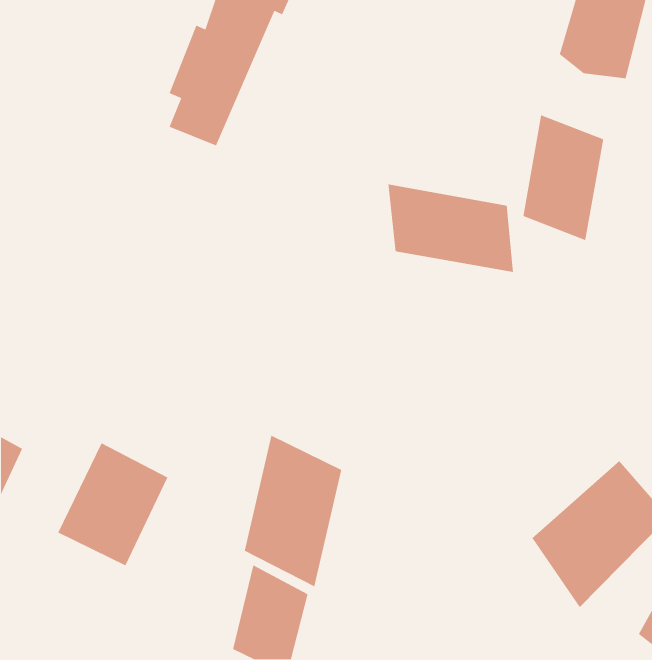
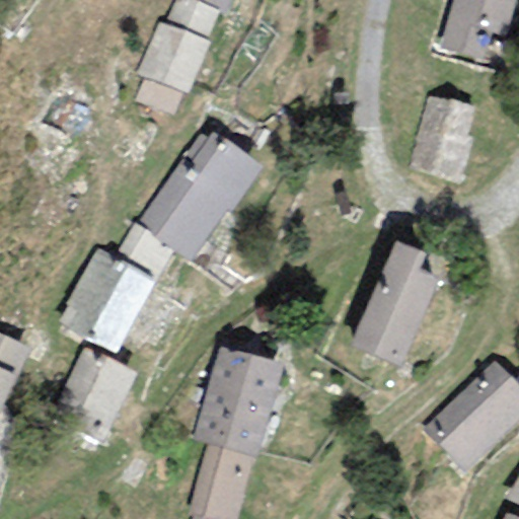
building: none -> [75,130,261,346]
building: [387,184,514,273] -> none
building: none -> [354,238,438,357]

